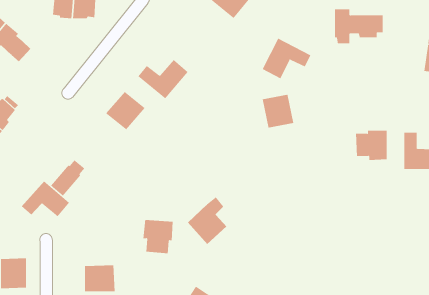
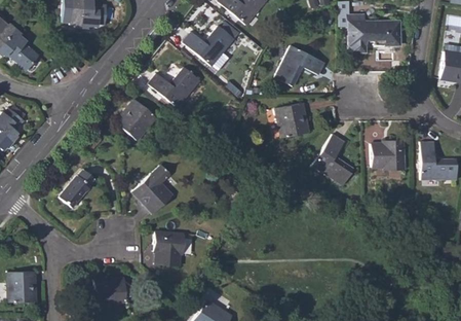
building: none -> [183,21,241,66]
building: none -> [312,134,353,185]
building: [21,180,70,217] -> none
building: [187,197,227,245] -> [132,165,174,214]

